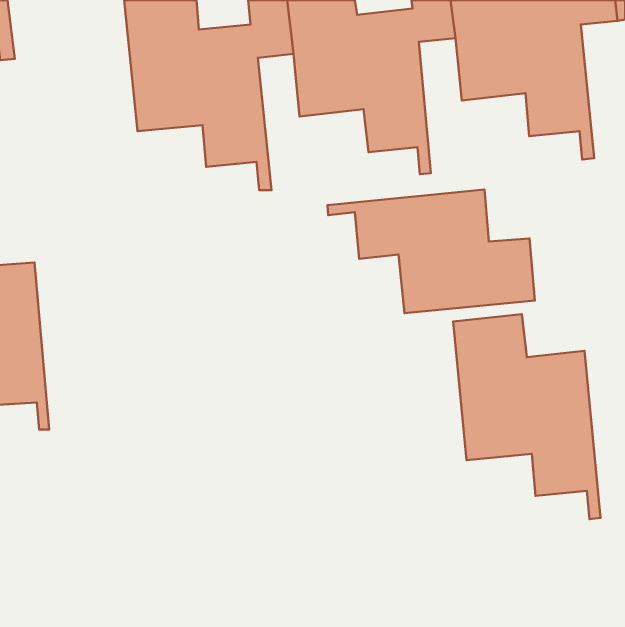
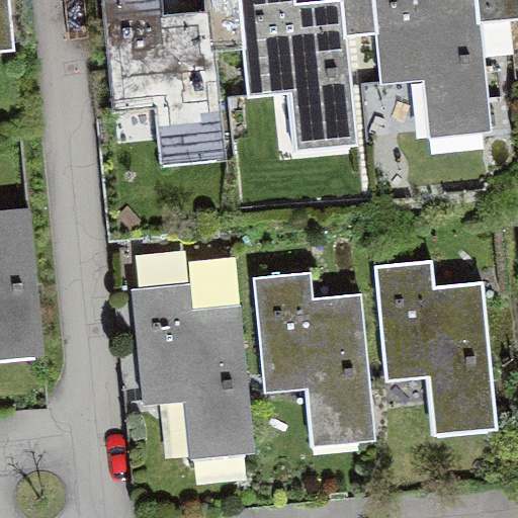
building: [327,190,535,313] -> none
building: none -> [252,272,373,440]
building: none -> [132,283,252,451]

